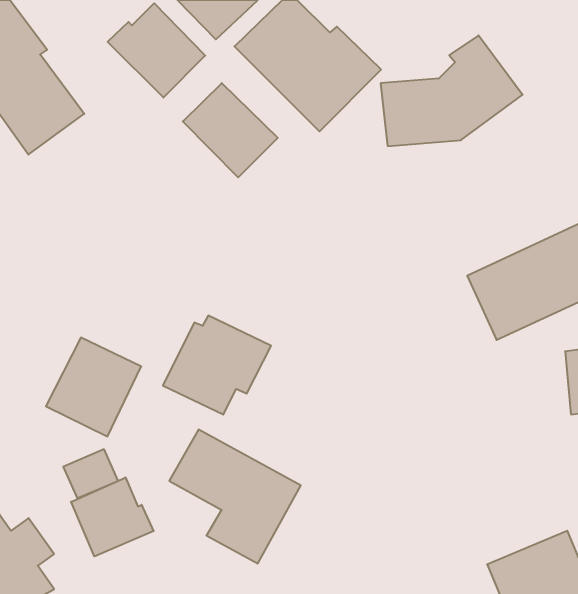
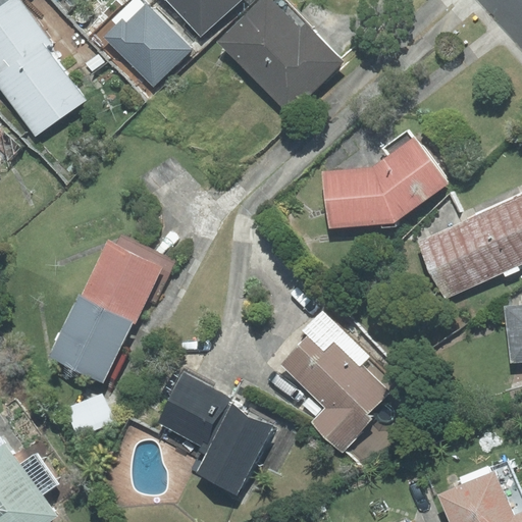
building: [381,35,523,146] -> [322,130,447,227]
building: [183,83,278,177] -> none
building: [163,316,271,415] -> [81,234,175,321]
building: none -> [282,314,390,450]
building: [71,477,154,556] -> none

